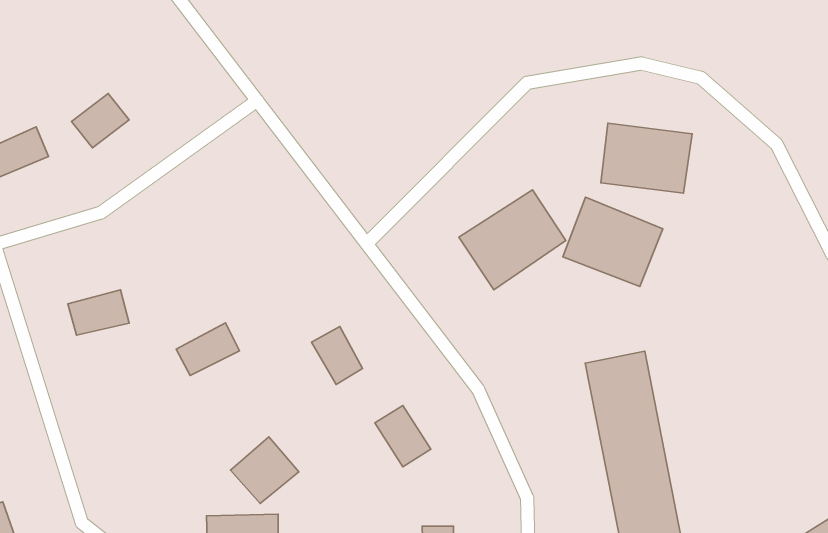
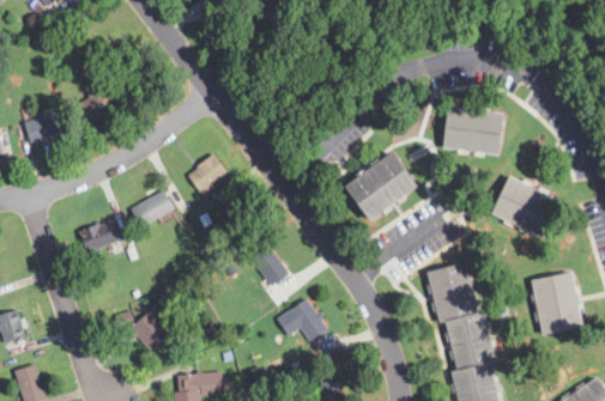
building: none -> [187,156,228,193]
building: [563,197,663,287] -> [492,176,561,237]
building: [176,323,239,375] -> [131,190,174,226]
building: none -> [533,273,585,335]
building: [230,437,299,503] -> [127,308,174,353]

